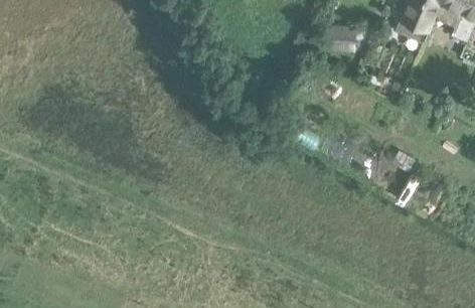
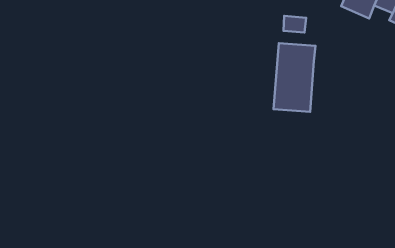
building: none -> [274,43,316,112]

